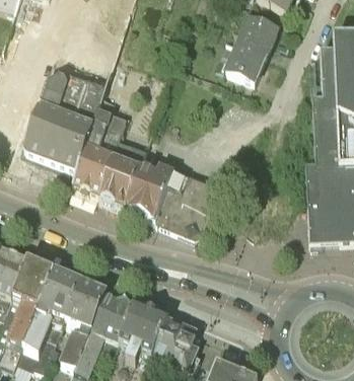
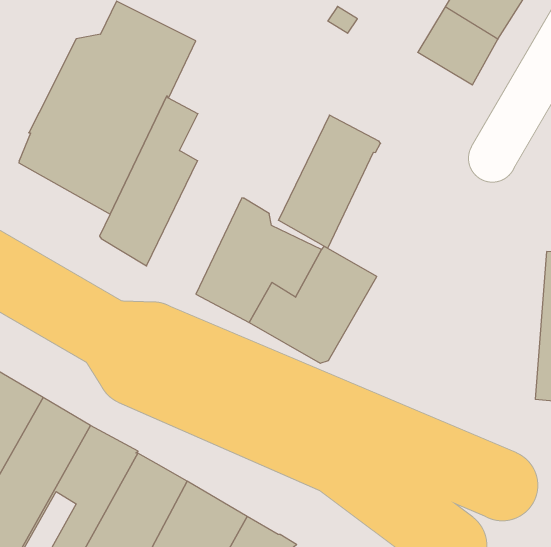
building: [98,136,146,205] -> [278,115,381,248]

